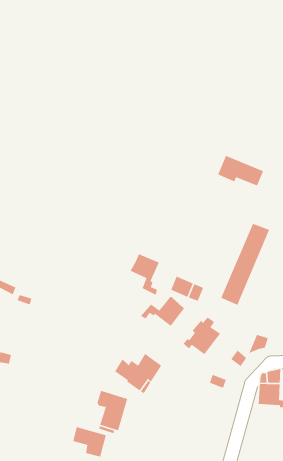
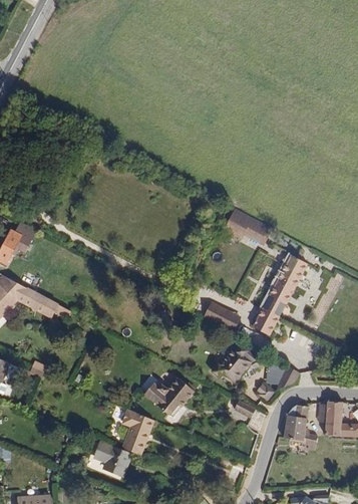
building: [217,155,264,187] -> [225,208,272,242]
building: [130,253,160,296] -> none
building: [140,295,185,327] -> none

